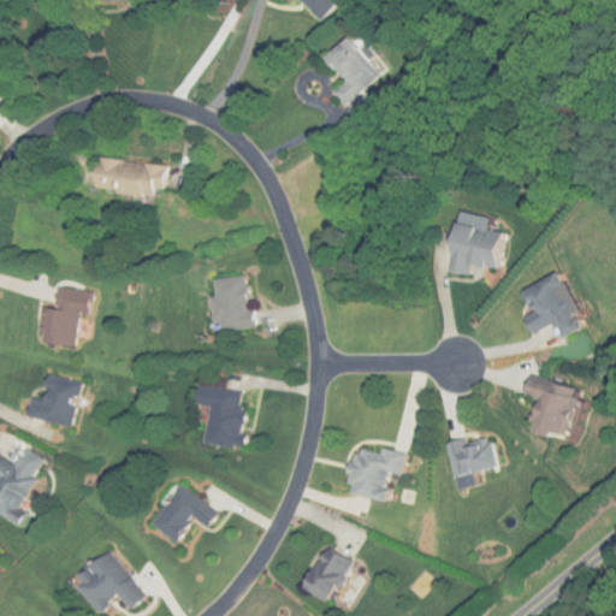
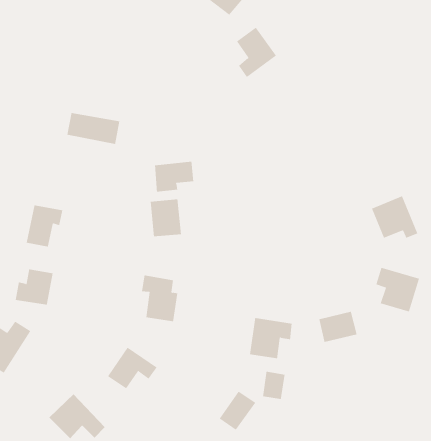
building: [445,221,505,277] -> none
building: none -> [154,161,194,192]
building: none -> [262,371,285,400]

